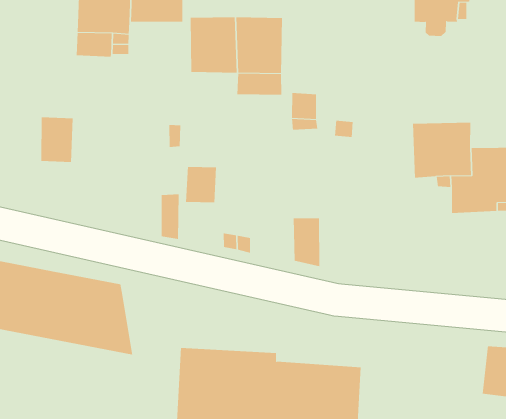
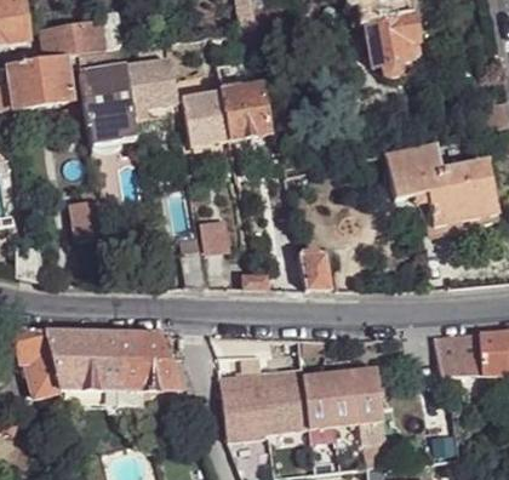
building: none -> [436,332,484,375]

